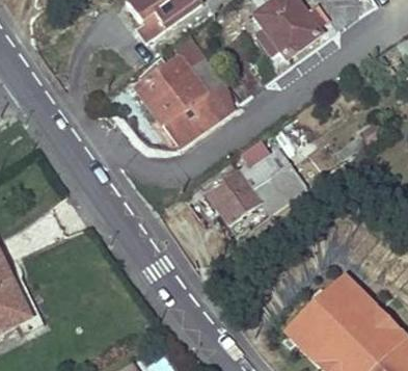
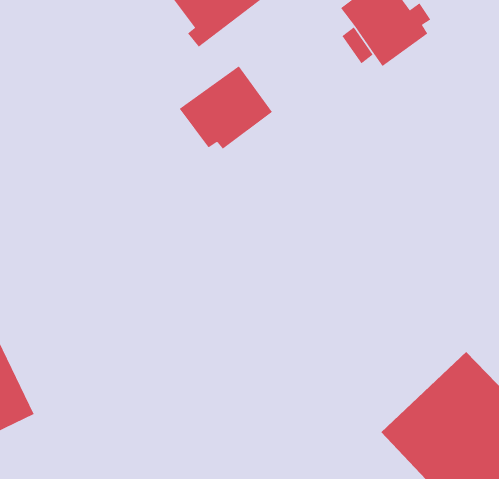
building: [157,37,239,147] -> none
building: [207,138,307,226] -> none

